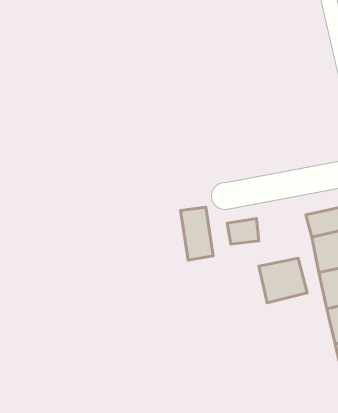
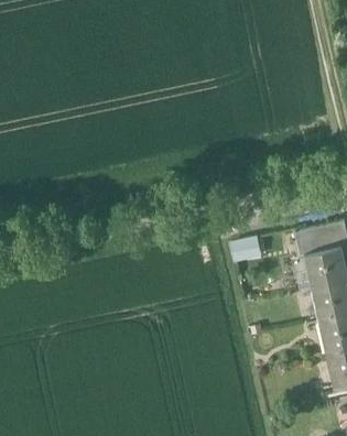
building: [180,207,213,260] -> none
building: [259,258,307,303] -> none

